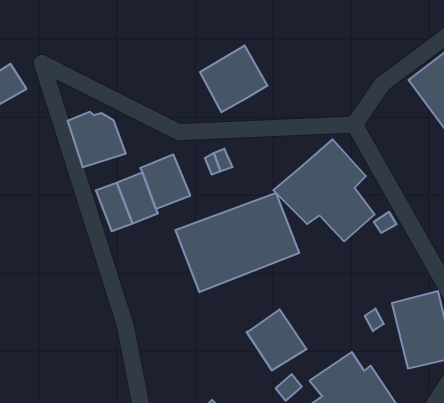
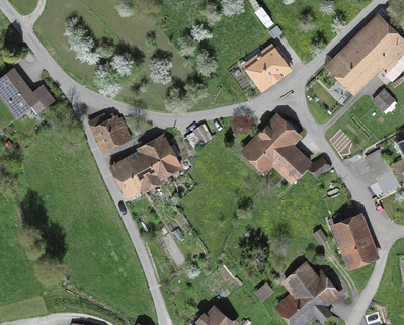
building: [200,45,268,112] -> [241,43,290,91]
building: [175,193,299,292] -> none
building: [247,309,307,371] -> none

